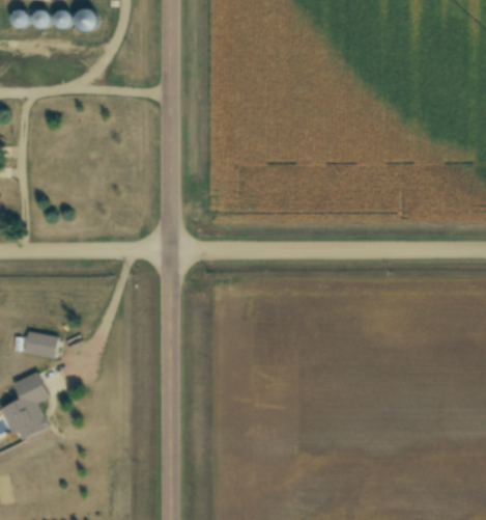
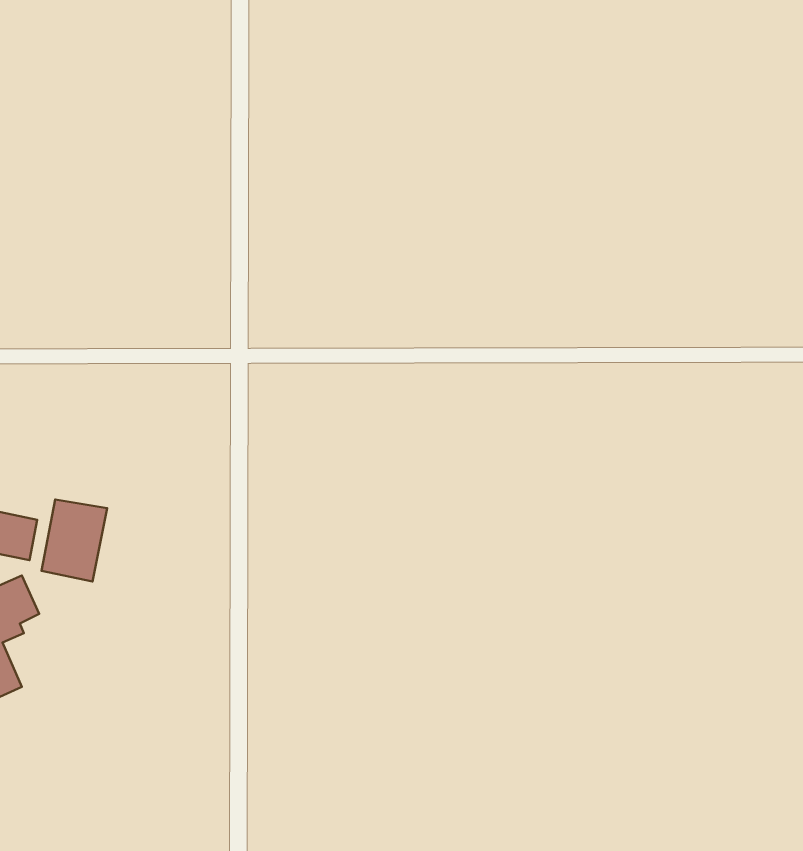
building: none -> [41,500,107,581]

